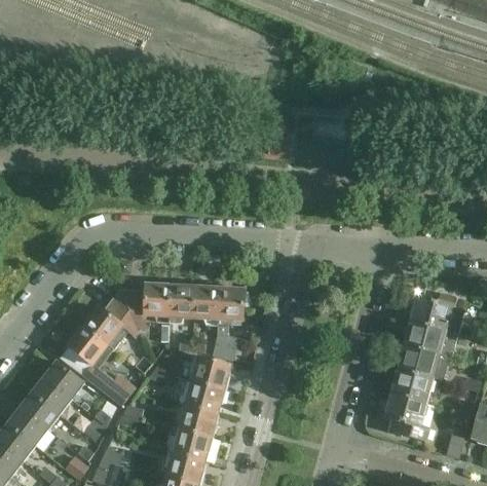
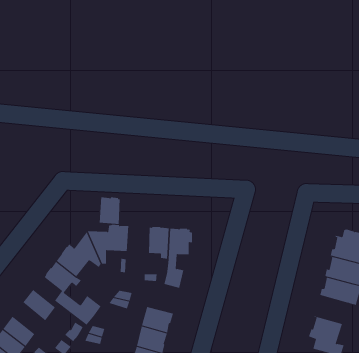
building: [168,285,194,317] -> [99,197,120,225]
building: [191,357,229,389] -> none
building: [391,368,432,402] -> none
building: [31,376,71,414] -> none

